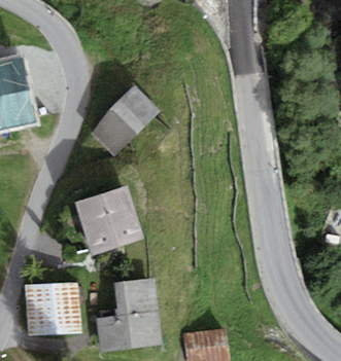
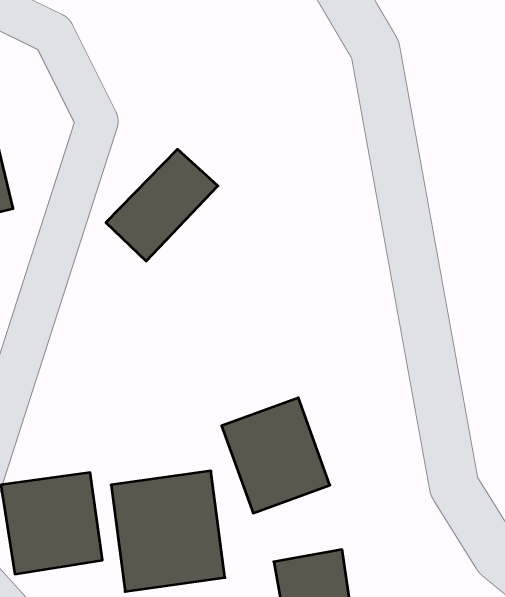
building: [69,187,133,255] -> [222,398,330,513]

